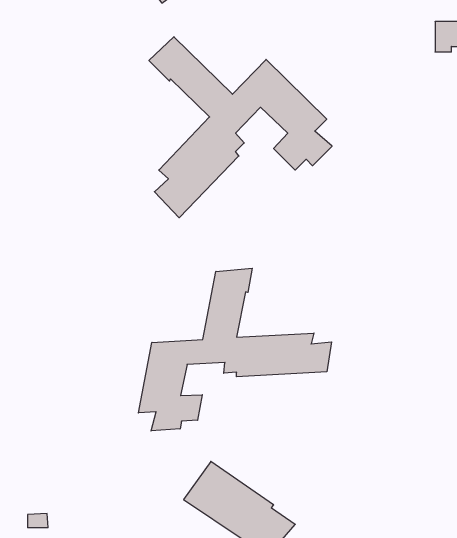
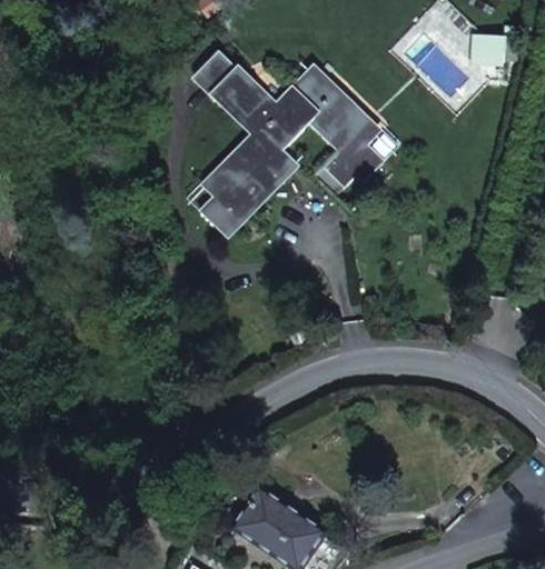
building: [138,268,331,431] -> none

